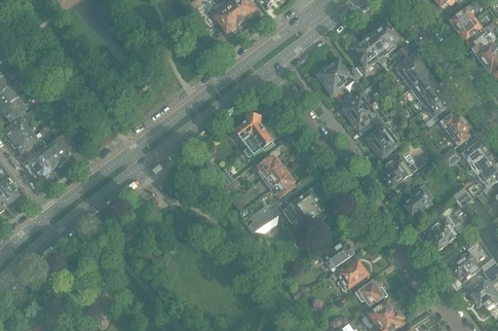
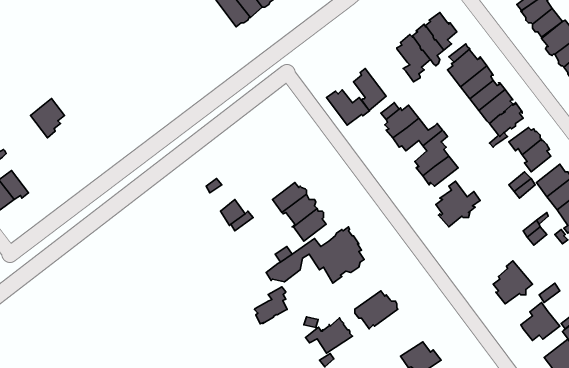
building: [328,59,361,86] -> [326,90,369,125]
building: [234,115,274,156] -> none
building: [49,132,76,162] -> [31,99,64,138]
building: [404,184,434,216] -> none
building: none -> [254,287,287,324]
building: [332,259,369,287] -> [306,318,353,353]

